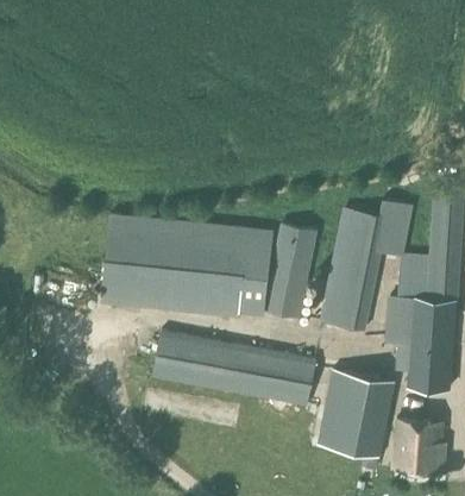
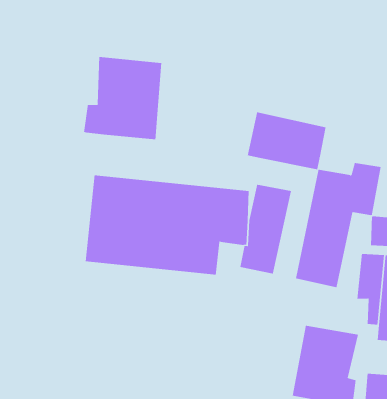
building: none -> [83,56,162,140]
building: none -> [247,112,326,170]
building: [152,331,315,406] -> none

